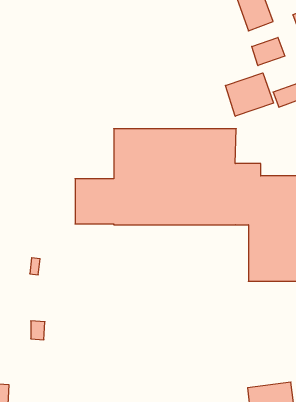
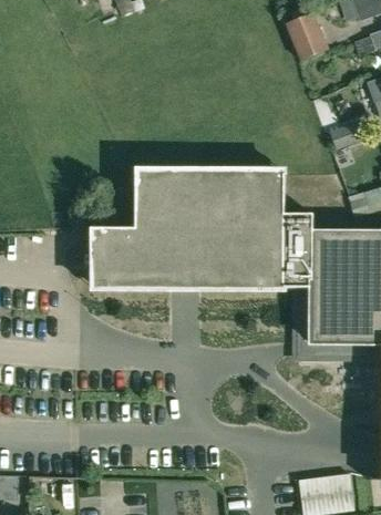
building: [252,37,285,66] -> none
building: [225,73,273,116] -> none

